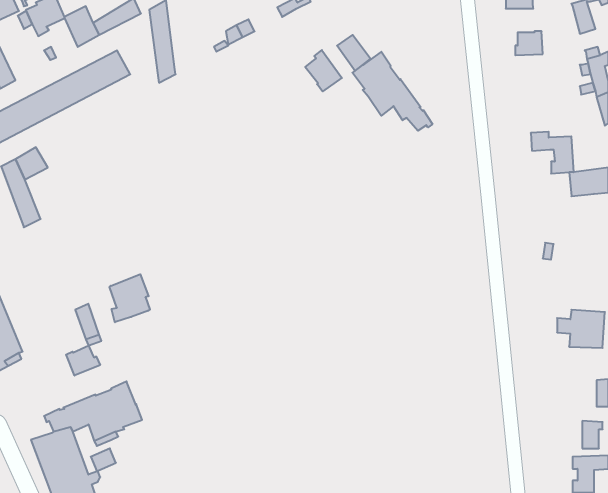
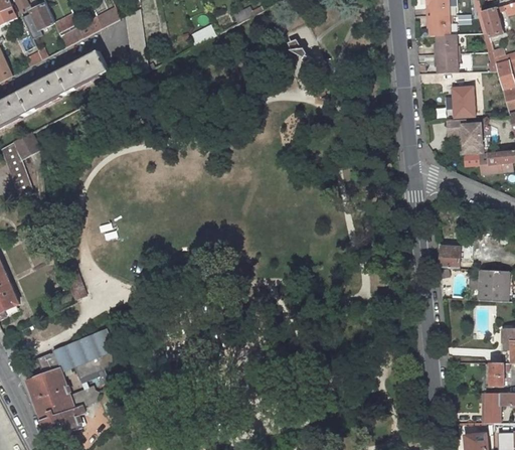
building: none -> [425,14,450,35]
building: [305,50,342,91] -> none
building: [352,52,432,131] -> none
building: none -> [434,52,459,72]
building: none -> [453,86,474,116]
building: [110,274,150,322] -> none
building: none -> [440,245,460,267]
building: [66,346,100,376] -> none

